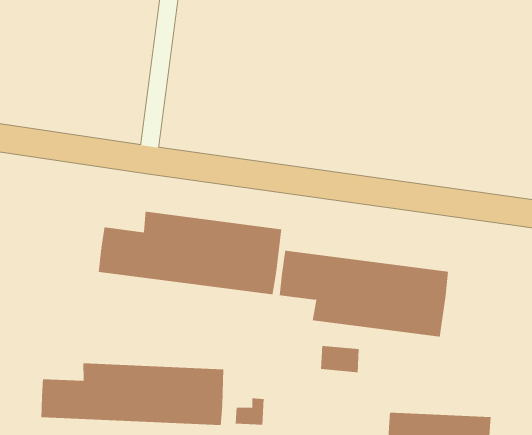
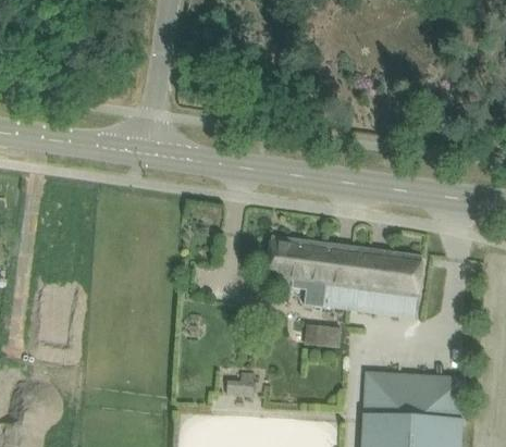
building: [98,211,282,295] -> none
building: [41,362,224,426] -> none

